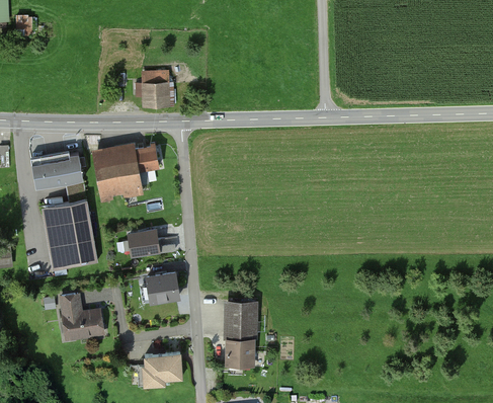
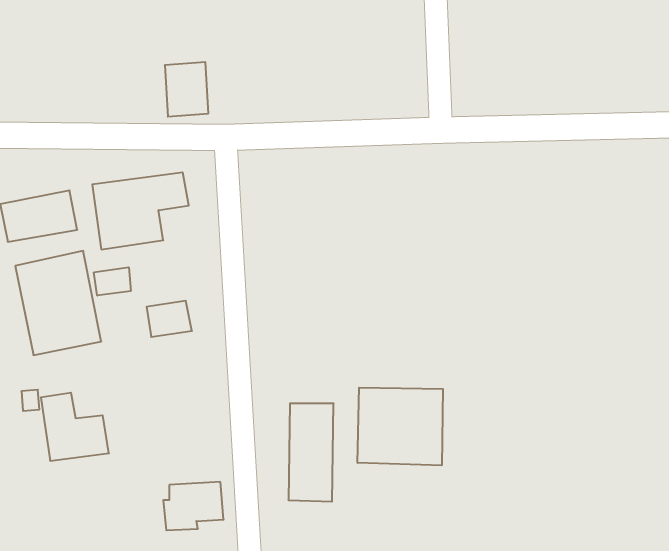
building: none -> [94,267,131,296]
building: [146,270,179,301] -> none
building: none -> [358,388,443,465]

